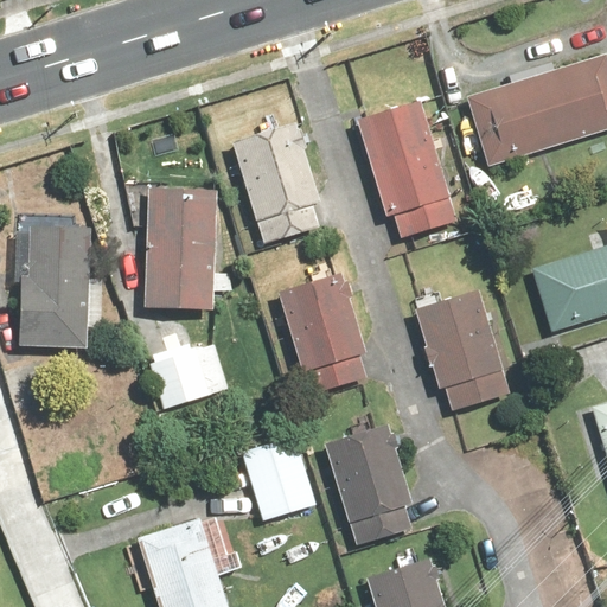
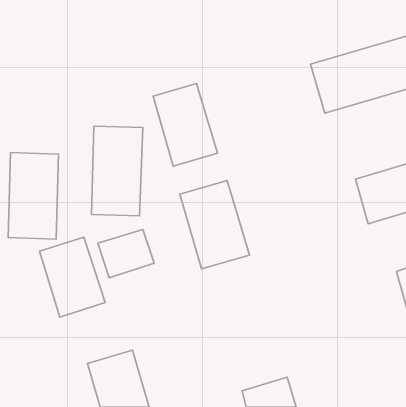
building: [353,102,458,245] -> none
building: [414,283,515,413] -> none
building: none -> [39,237,105,317]
building: [320,423,422,550] -> none
building: [243,432,318,519] -> none

